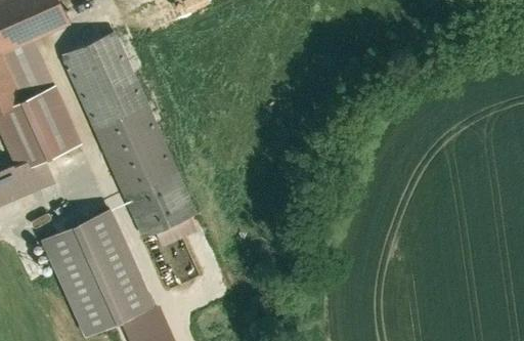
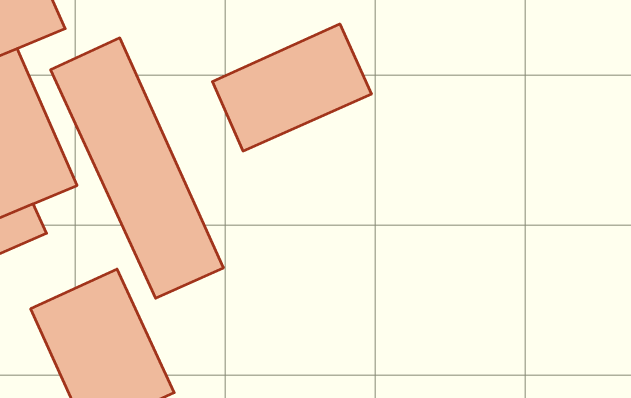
building: none -> [212,24,371,151]

